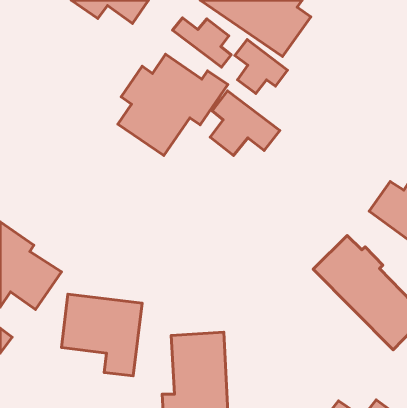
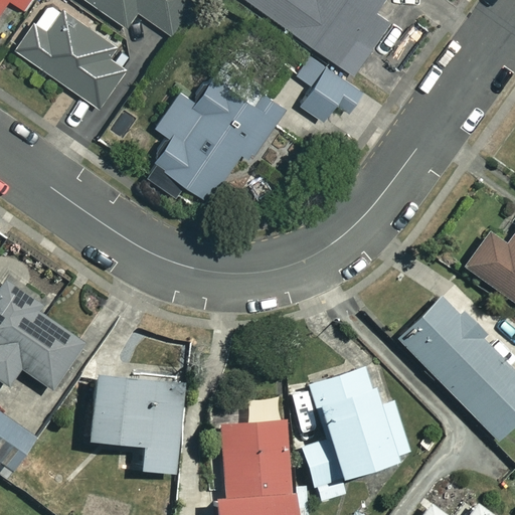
building: none -> [19,11,130,108]
building: [173,18,231,67] -> none
building: [210,91,280,155] -> none
building: none -> [299,367,409,505]

